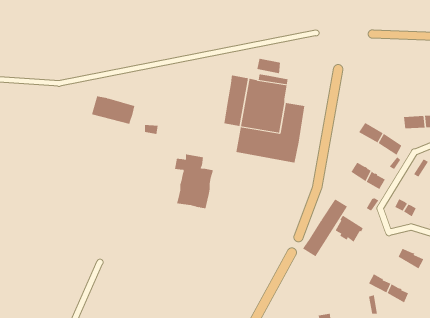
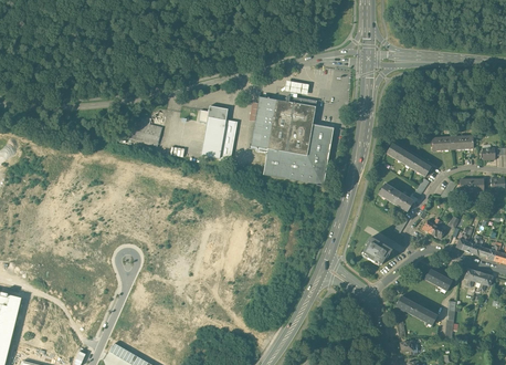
building: [174,154,214,209] -> [198,105,238,160]
building: [302,198,348,257] -> none

